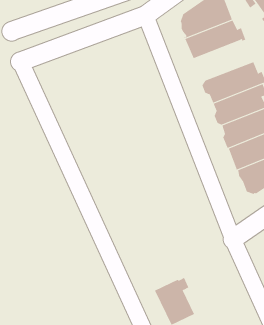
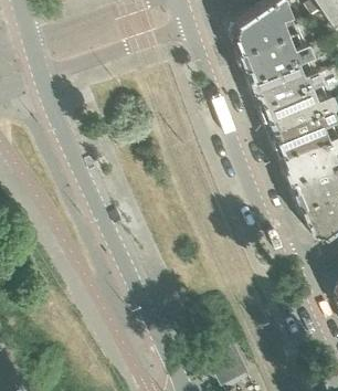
building: none -> [250,55,321,103]

